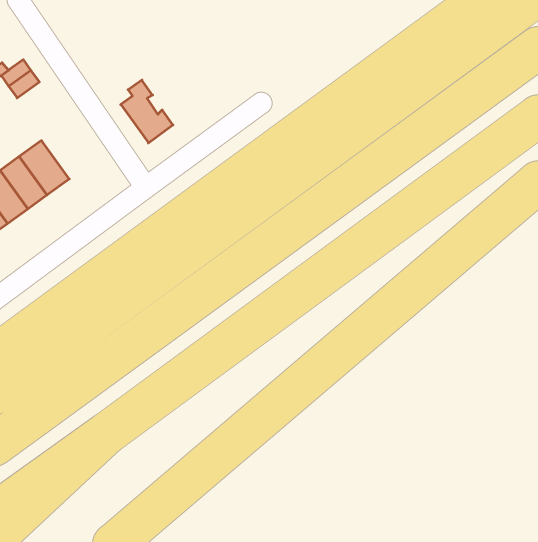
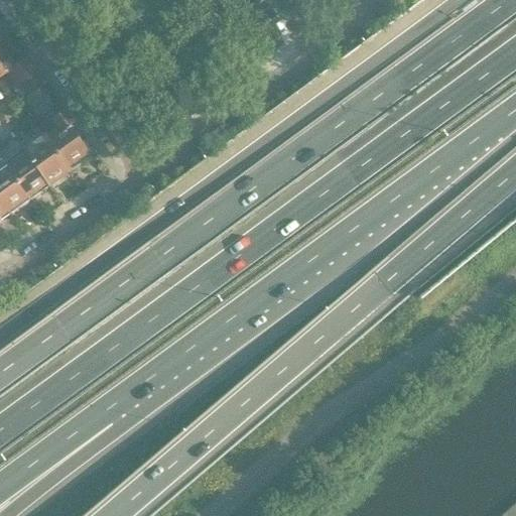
building: [121,80,173,143] -> [39,112,89,171]

